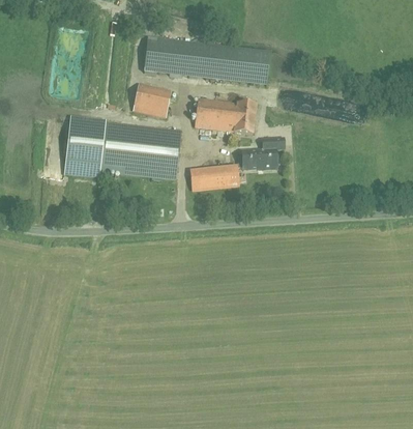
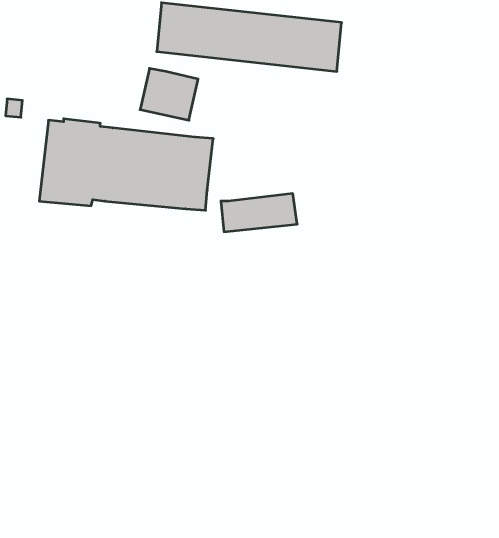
building: [195,98,256,134] -> none
building: [237,147,276,168] -> none

